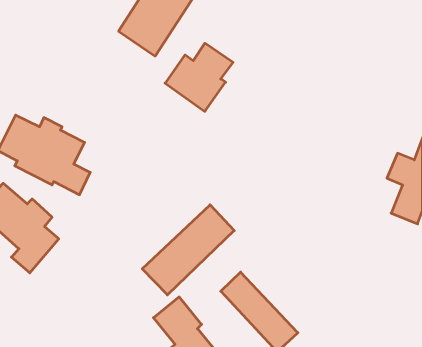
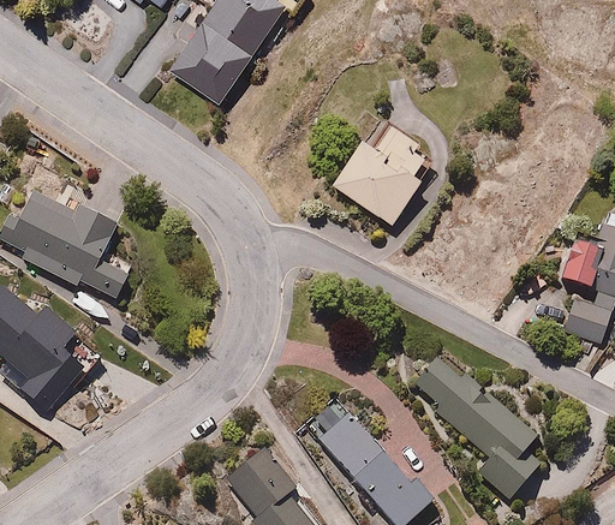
building: [165,43,233,111] -> [333,127,431,226]
building: [142,205,234,295] -> none
building: none -> [406,351,544,499]

